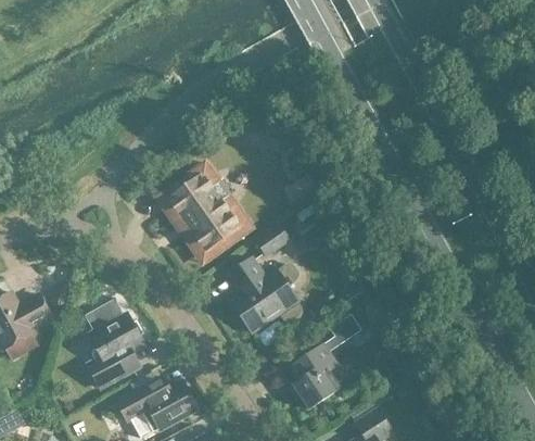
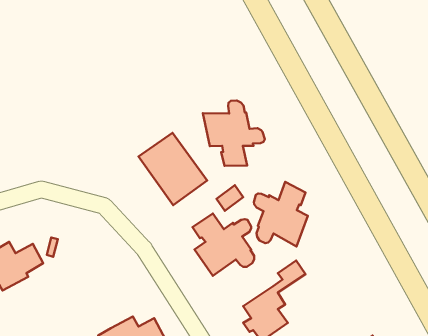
building: none -> [203,100,265,166]
building: none -> [254,182,308,247]
building: [84,306,144,388] -> none

